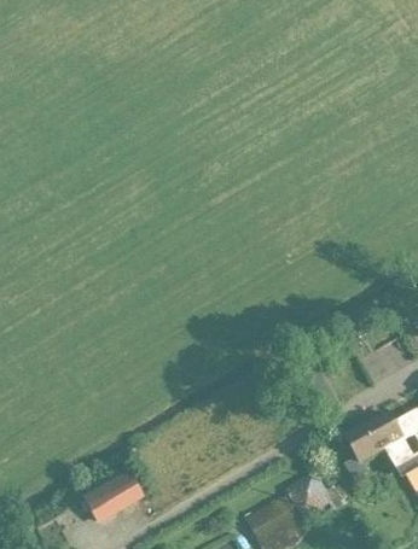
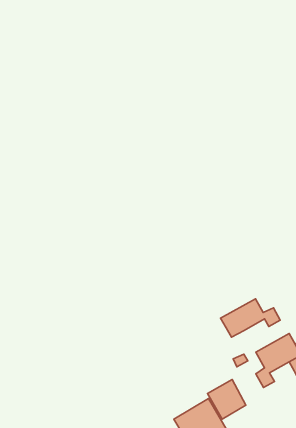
building: none -> [221,299,280,337]
building: [101,475,143,514] -> none

